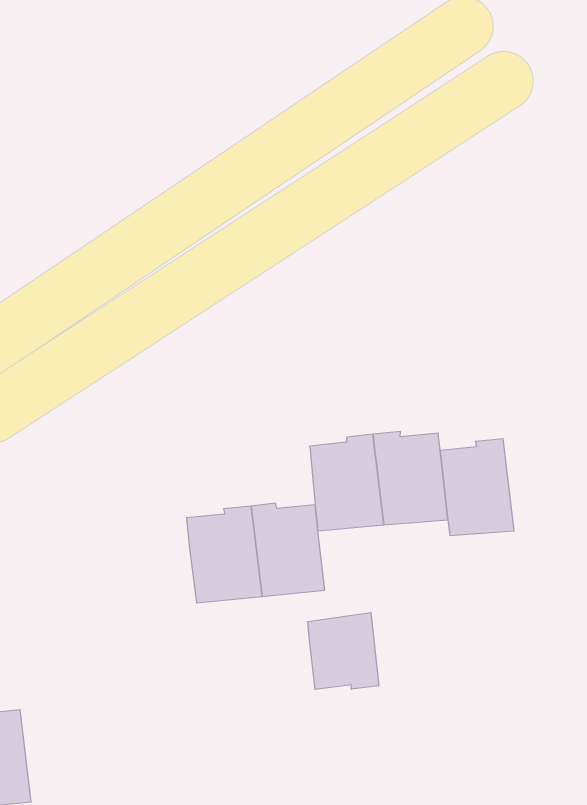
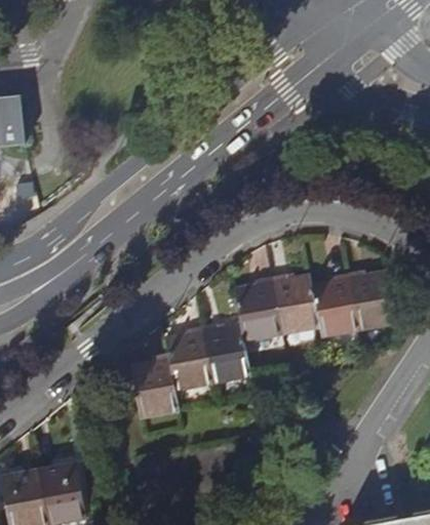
building: none -> [349,273,397,330]
building: none -> [129,356,179,416]
building: [308,612,379,689] -> none

